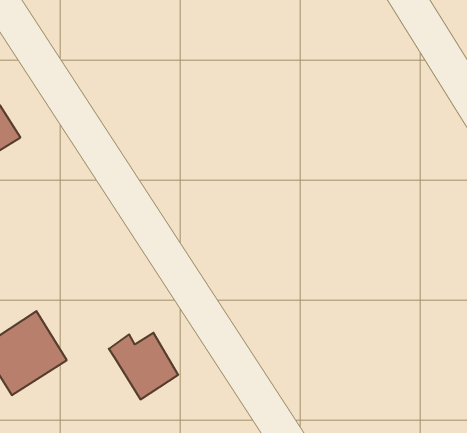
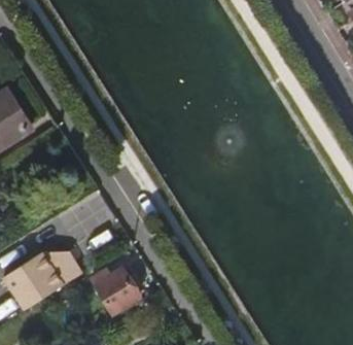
building: none -> [41,250,83,285]

